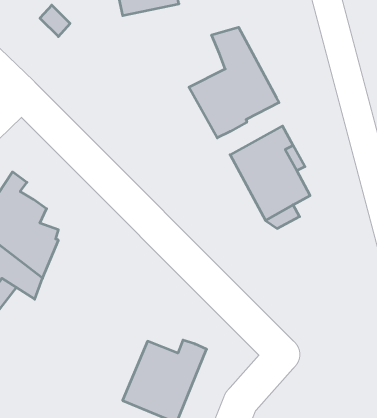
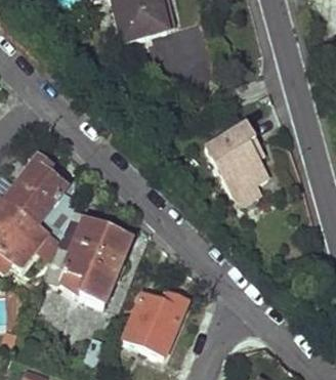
building: [189,27,279,138] -> none
building: none -> [45,213,129,303]

